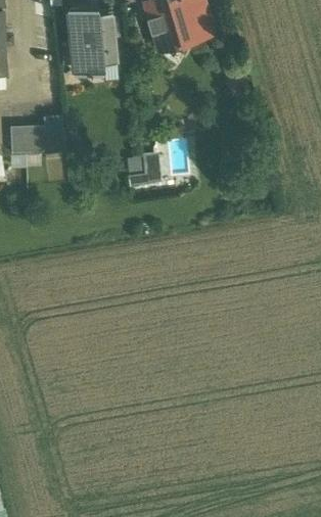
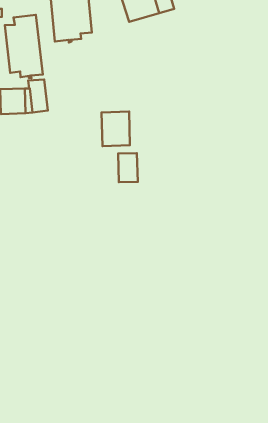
building: none -> [5,15,43,78]
building: none -> [118,153,138,182]

